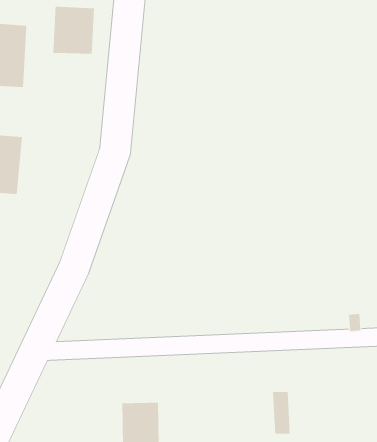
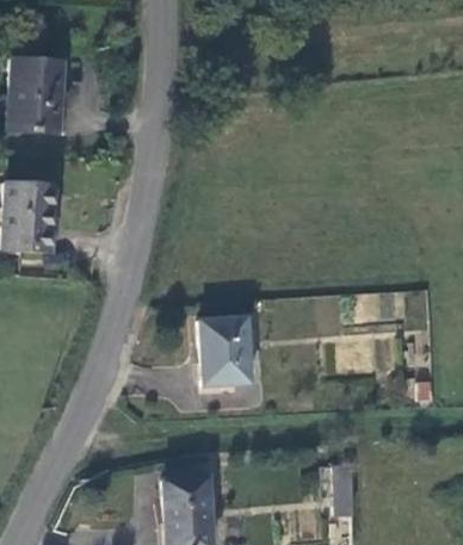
building: [53,6,95,55] -> none
building: none -> [198,317,249,390]

